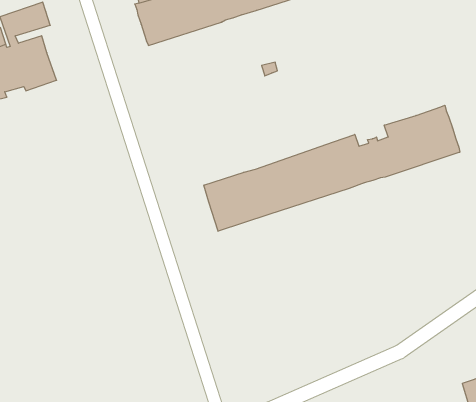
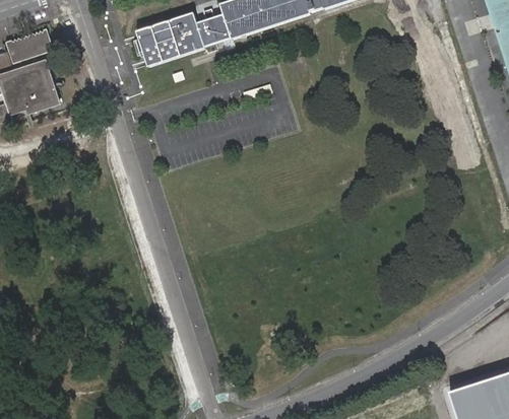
building: [204,105,460,231] -> none

